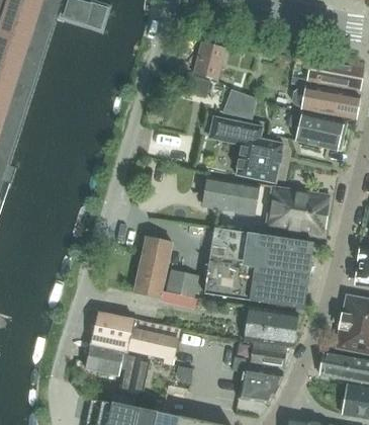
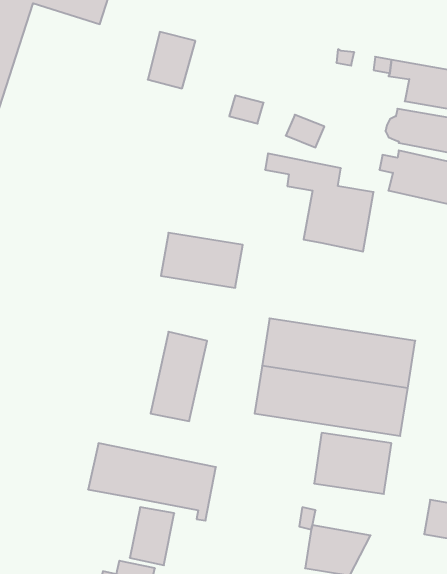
building: [193,41,225,80] -> [148,32,195,88]
building: [203,177,259,215] -> [161,233,243,288]
building: [266,186,330,237] -> none
building: [166,266,199,299] -> none
building: [250,343,286,366] -> none
building: [85,344,123,376] -> none

